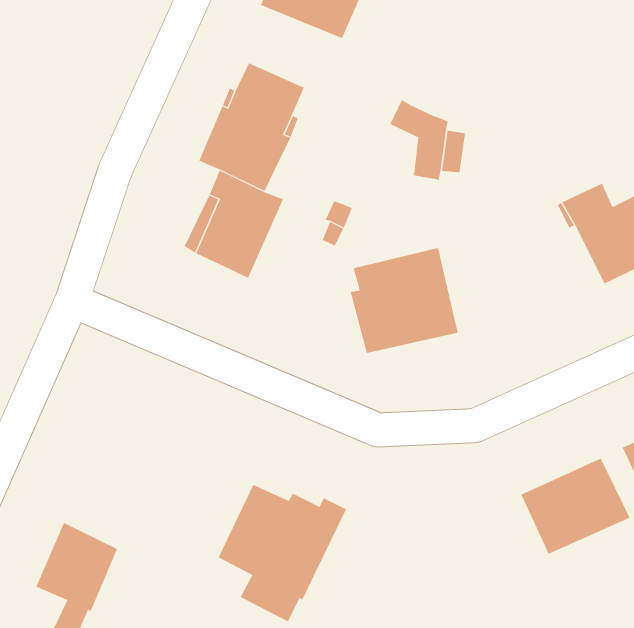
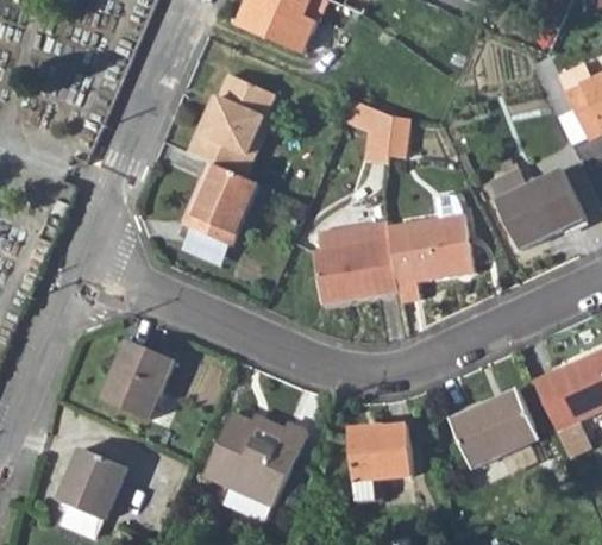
building: none -> [384,187,472,299]
building: none -> [101,337,174,418]
building: none -> [347,426,412,503]

